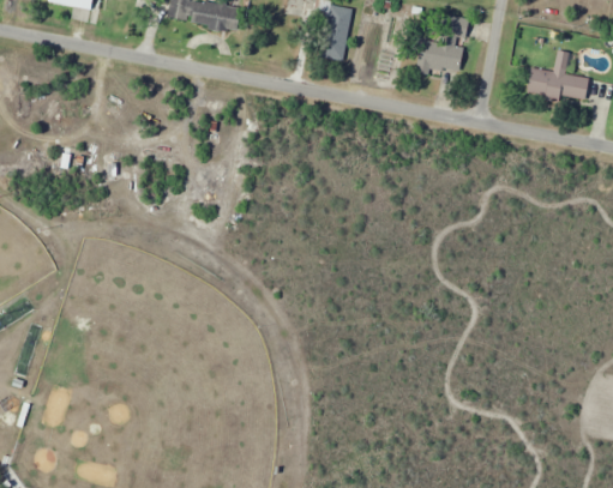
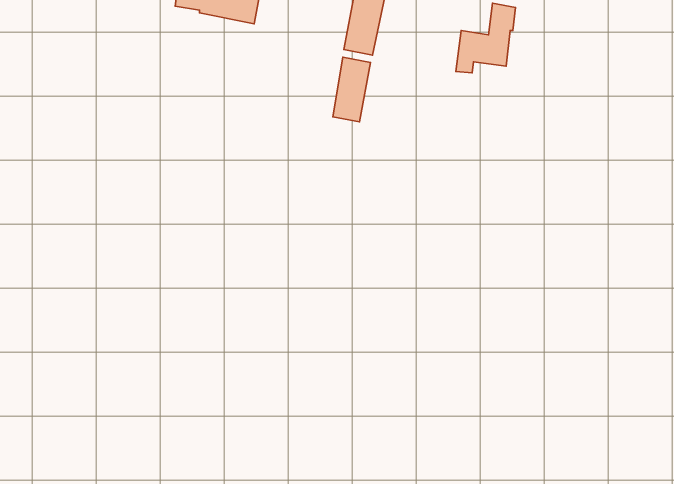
building: none -> [333,57,371,122]
building: [528,67,589,102] -> none

